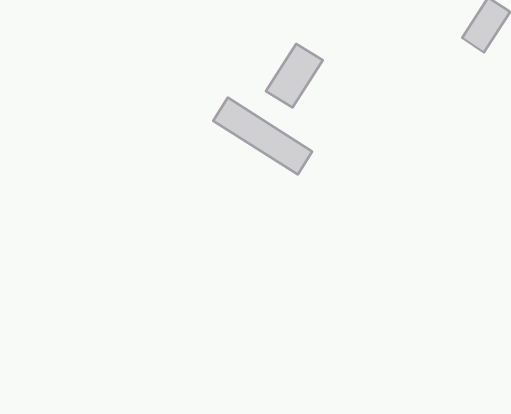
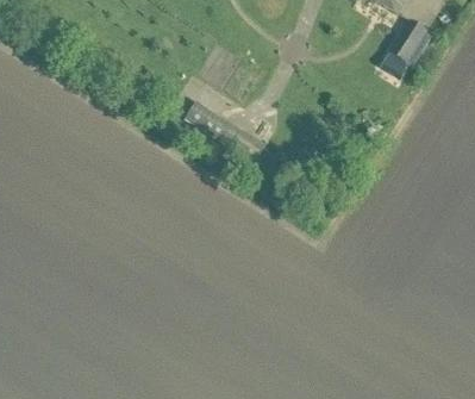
building: [266,44,323,108] -> none

